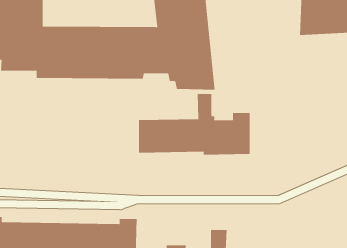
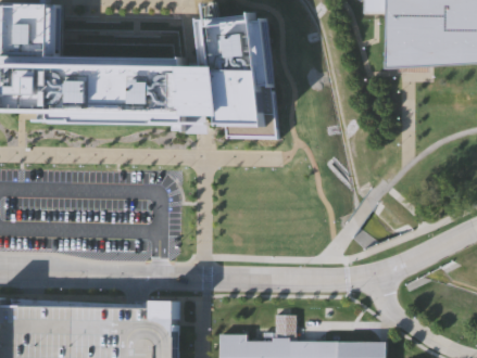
building: [138,93,250,155] -> none

